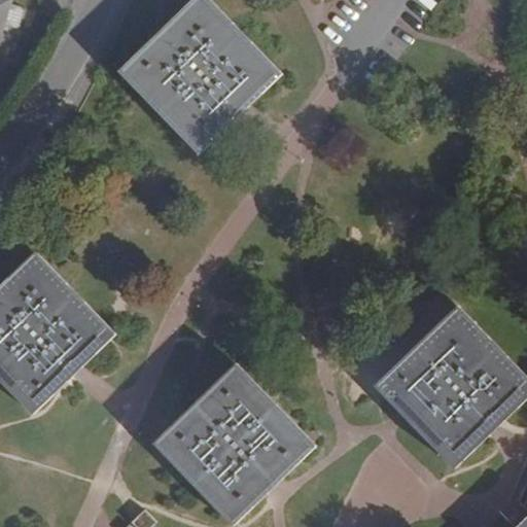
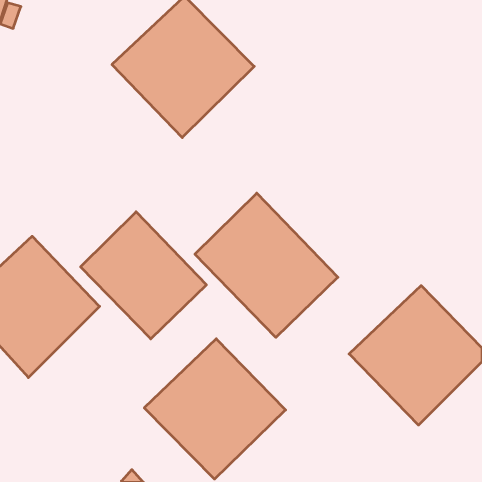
building: none -> [195,193,338,337]
building: none -> [81,212,206,339]

